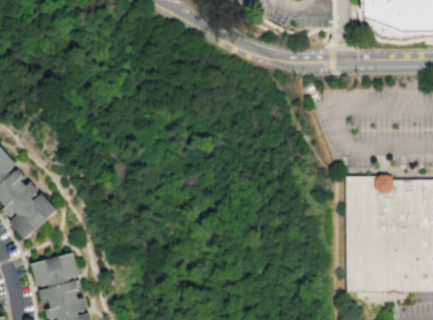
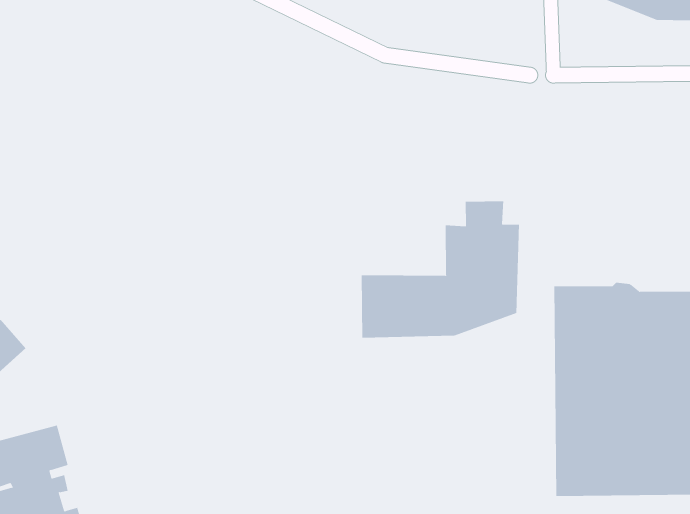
building: none -> [361,201,519,338]

